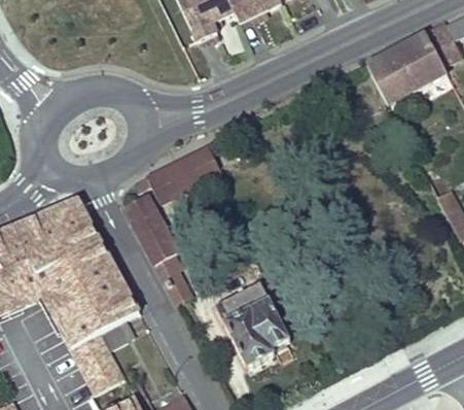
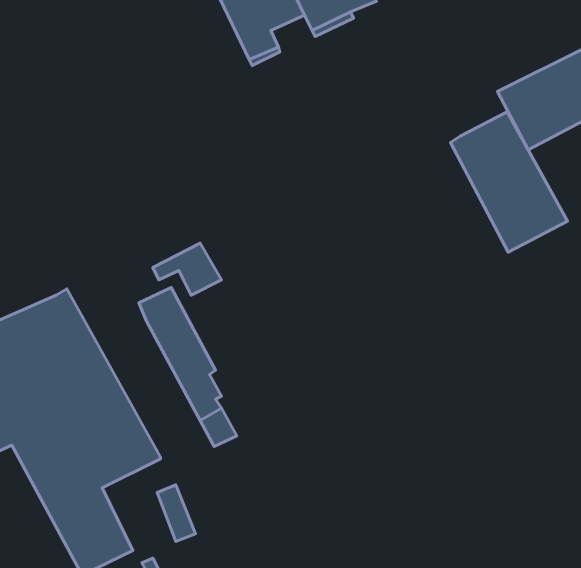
building: none -> [450,112,567,252]
building: [167,145,219,190] -> none
building: [213,281,289,367] -> none

